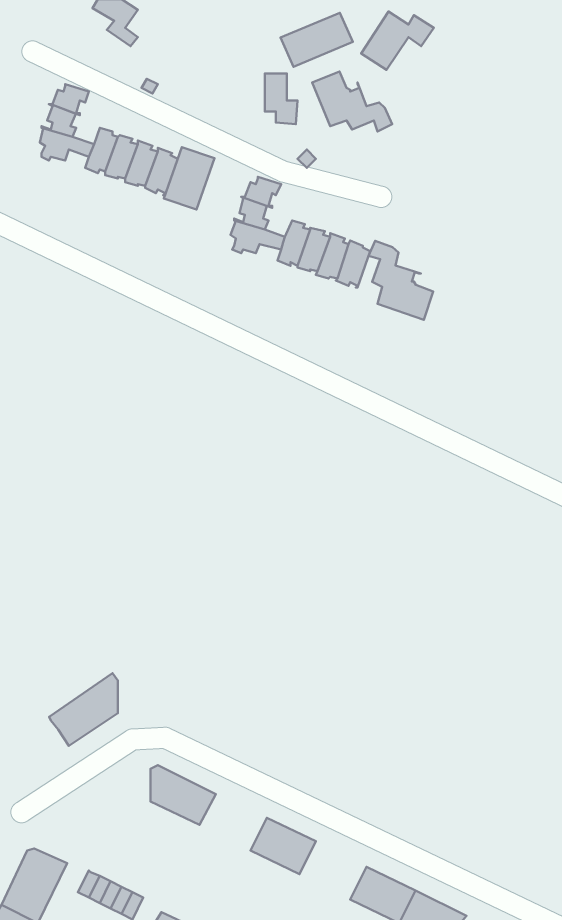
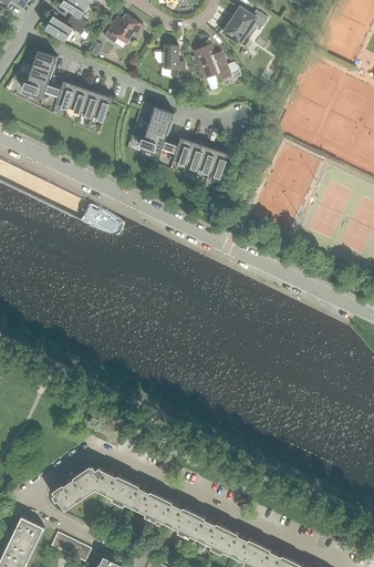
building: [280,13,353,67] -> none
building: none -> [103,16,143,44]
building: none -> [43,17,82,42]
building: [164,147,214,209] -> none
building: [369,241,433,320] -> none
building: [49,673,118,746] -> [52,466,94,511]
building: none -> [124,486,165,520]
building: none -> [185,515,226,550]

